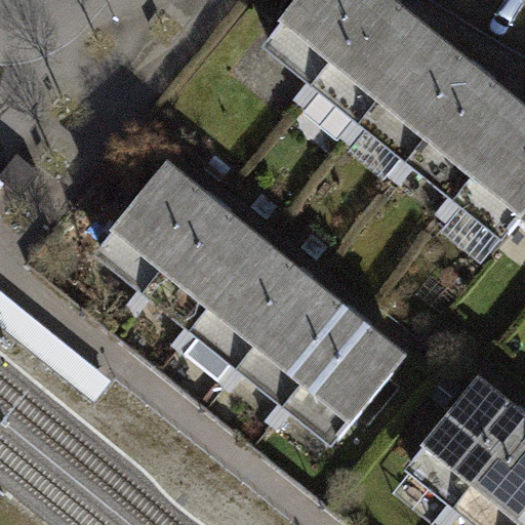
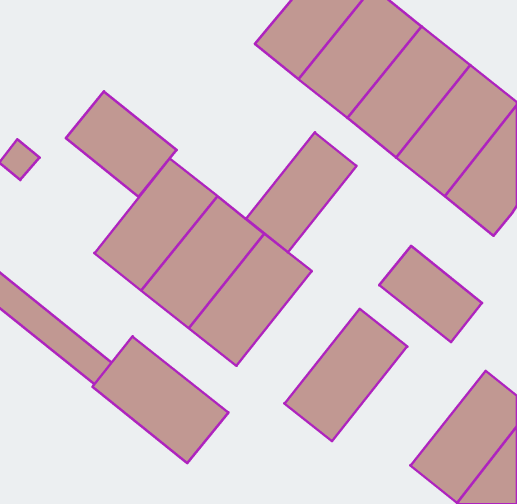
building: none -> [66,91,177,197]
building: none -> [246,132,356,252]
building: none -> [379,246,482,342]
building: [239,274,363,407] -> none
building: none -> [93,336,228,463]

